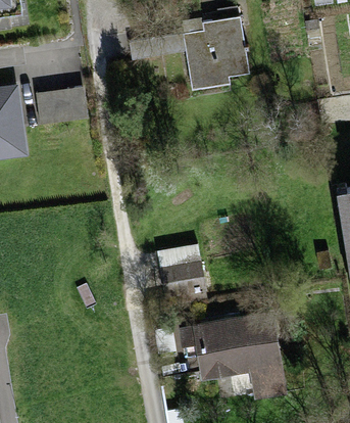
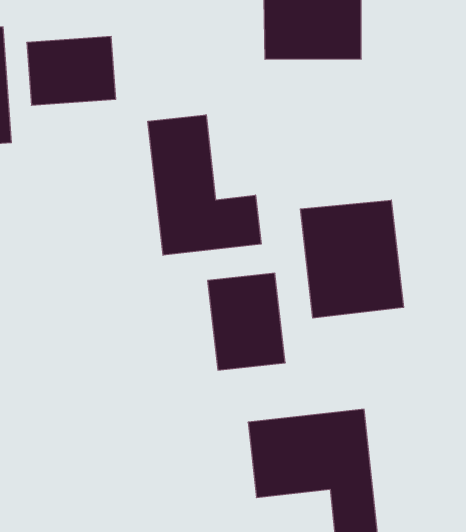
building: none -> [148,115,261,255]
building: none -> [300,200,404,318]

